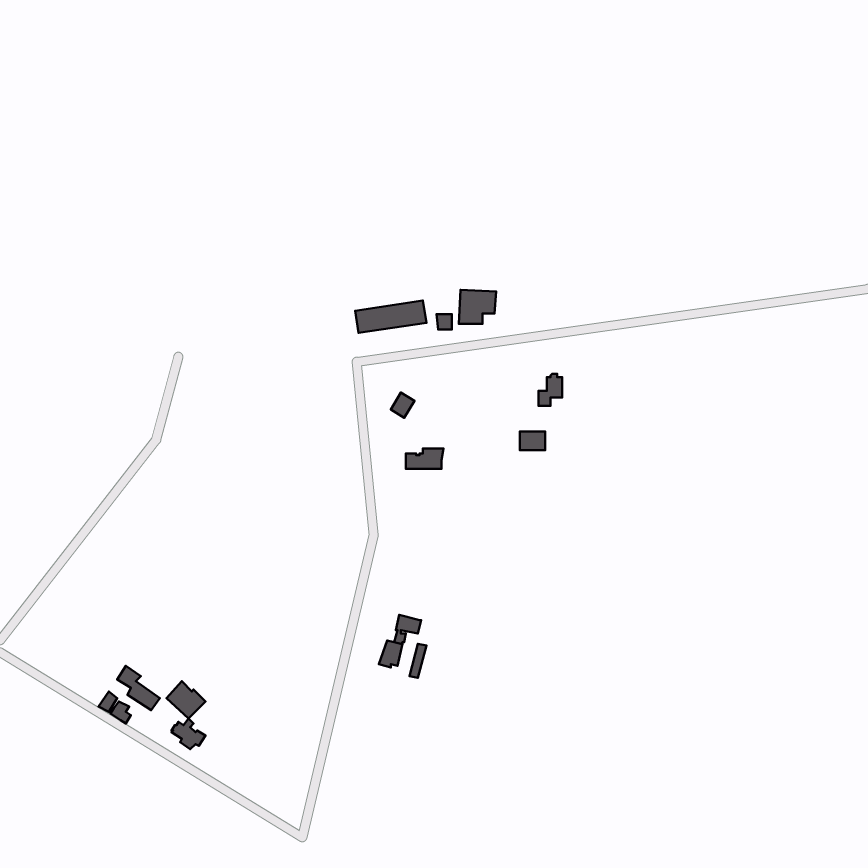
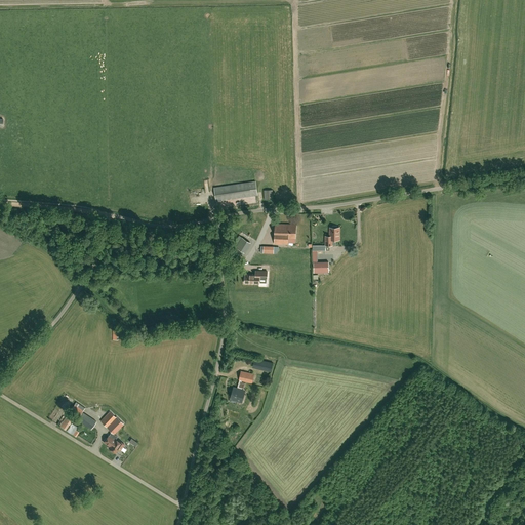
building: [459,290,496,324] -> [274,224,296,244]

